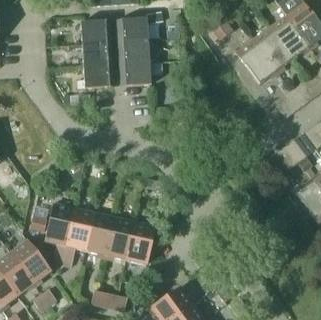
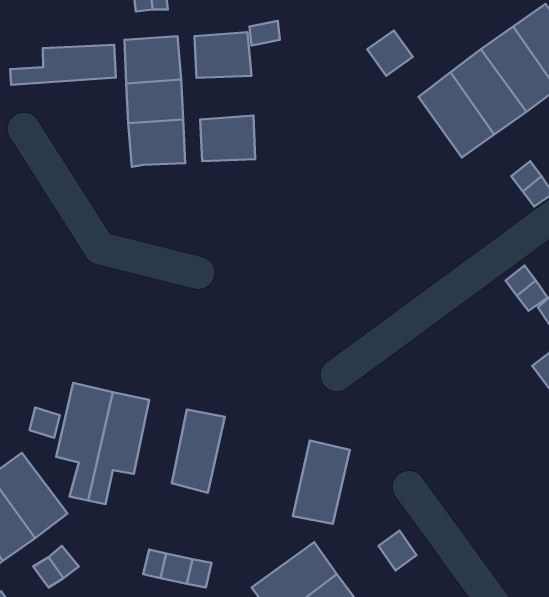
building: none -> [10,45,116,85]
building: [119,41,149,64] -> none
building: [86,212,114,256] -> none
building: [125,221,155,265] -> [293,440,350,524]

